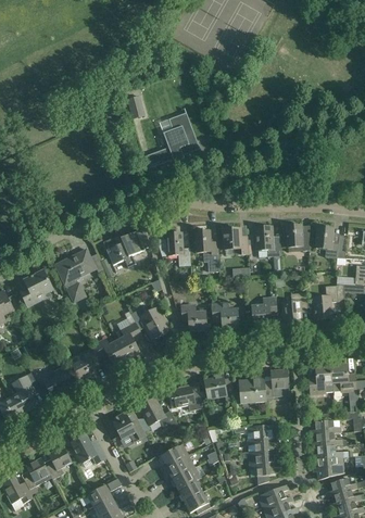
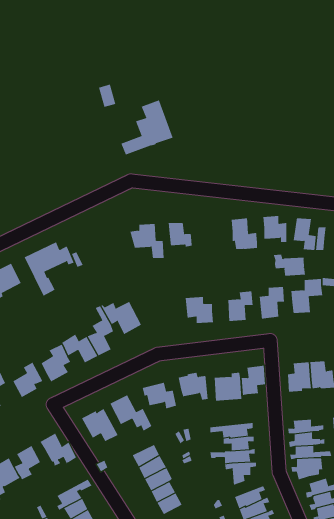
building: [106,227,149,267] -> none
building: [222,228,248,254] -> none
building: none -> [273,254,305,276]
building: [179,304,205,331] -> none

